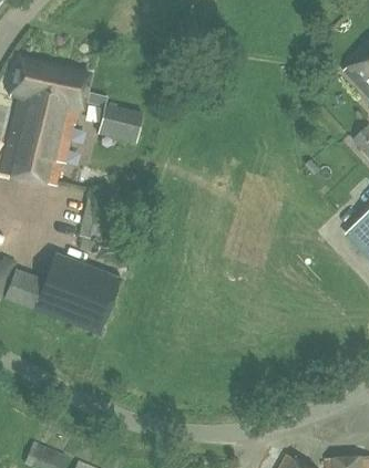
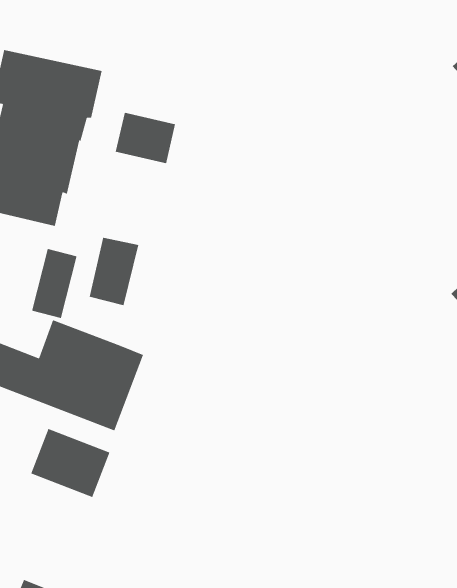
building: none -> [32,248,77,319]
building: none -> [30,428,110,498]

